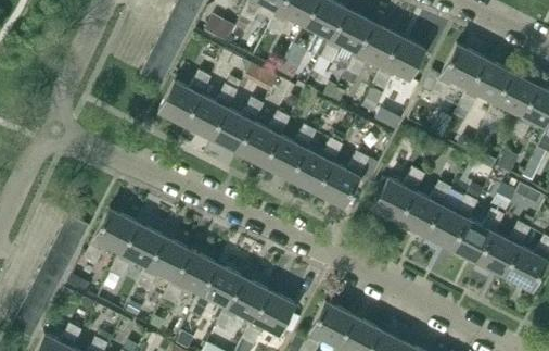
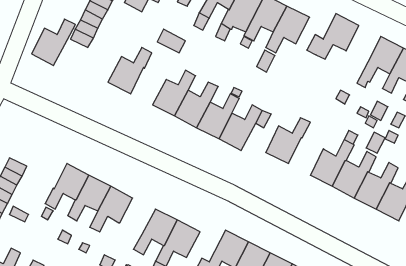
building: [458,59,509,113] -> none
building: [158,71,210,126] -> [32,19,75,66]
building: [212,99,263,153] -> none
building: [399,181,451,237] -> none
building: [84,210,136,264] -> none
building: [189,264,241,318] -> none

